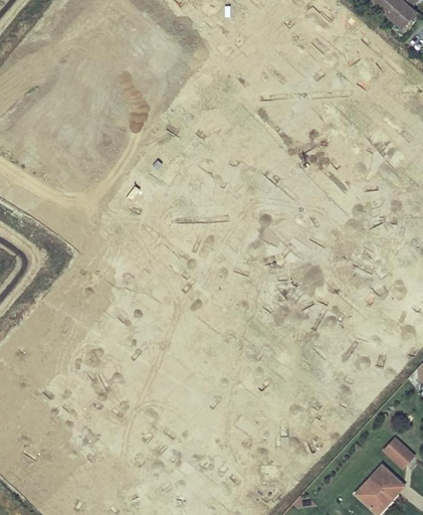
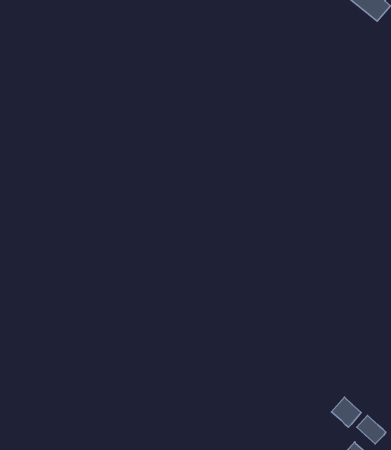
building: none -> [331,397,361,427]

